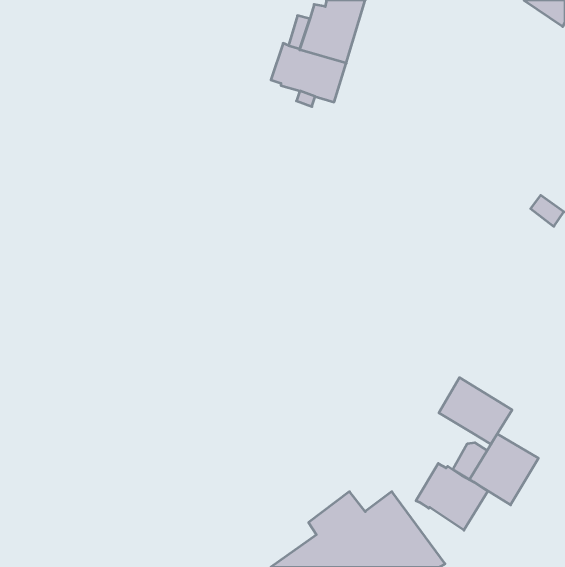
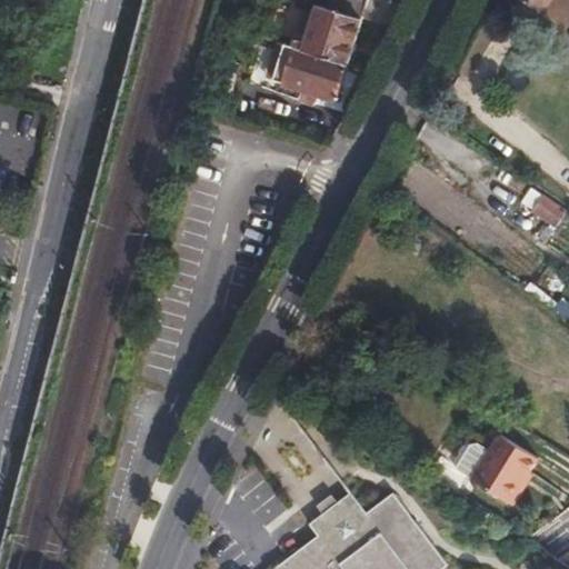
building: [439,378,512,444] -> none
building: [416,463,488,530] -> none

